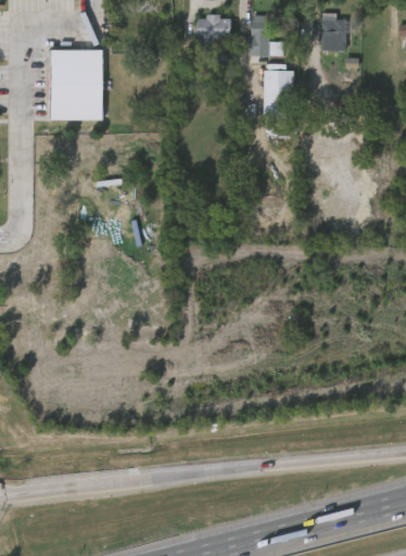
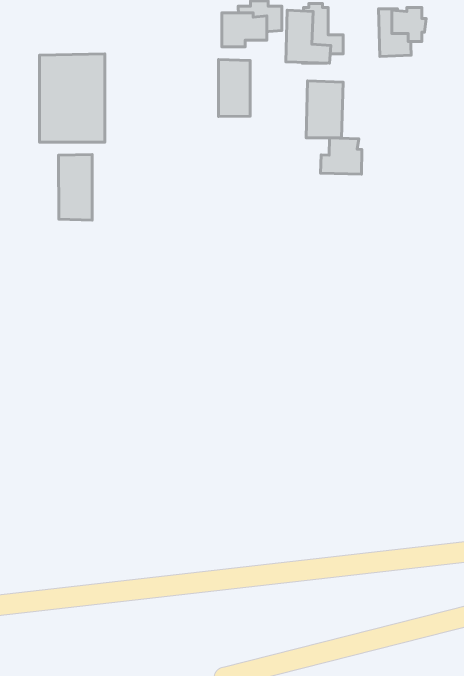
building: none -> [218,59,250,117]
building: none -> [321,138,362,174]
building: none -> [59,154,92,220]

